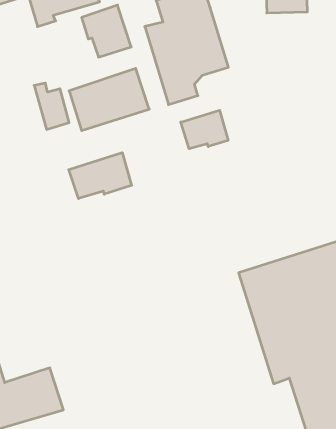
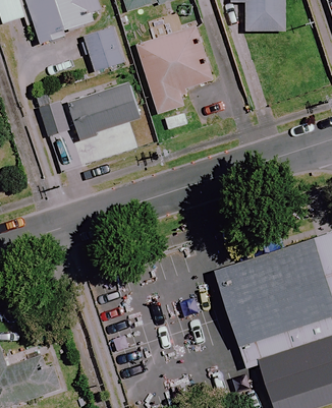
building: [181,110,228,149] -> none
building: [69,153,132,199] -> none

